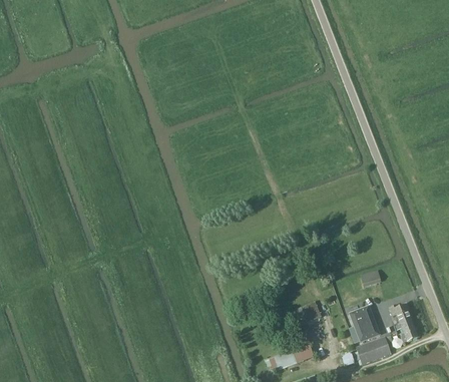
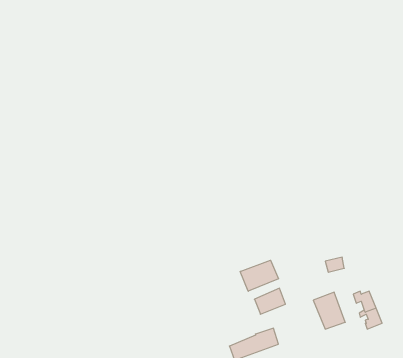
building: none -> [240,260,279,291]
building: [341,337,391,366] -> none

